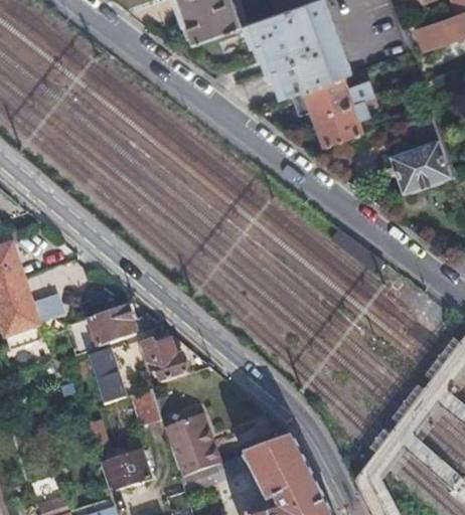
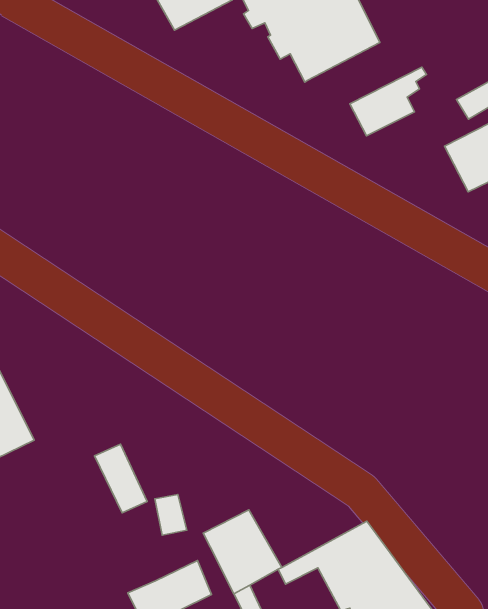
building: [290,72,378,116] -> none
building: [69,303,137,352] -> none
building: [142,339,187,381] -> none

